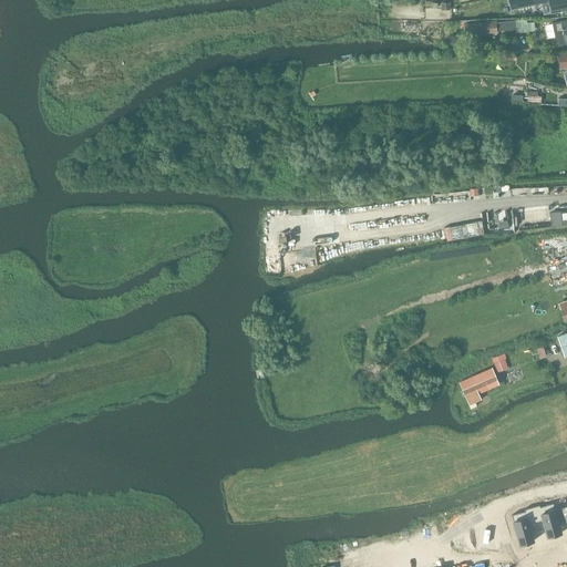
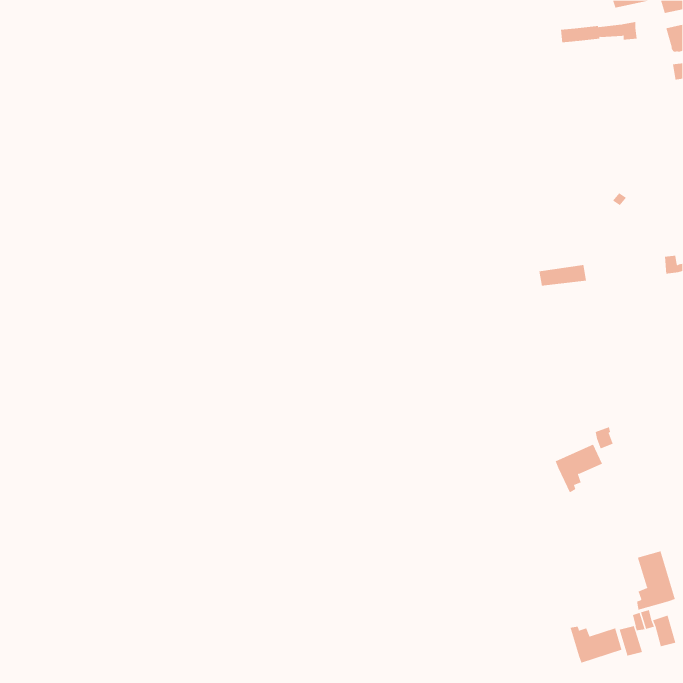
building: none -> [636,550,675,611]
building: none -> [570,626,622,663]

